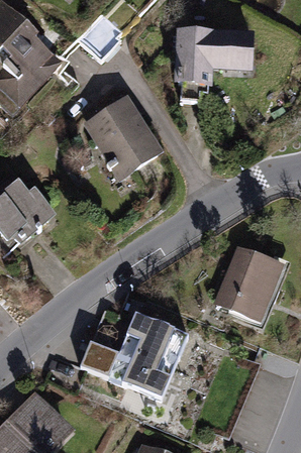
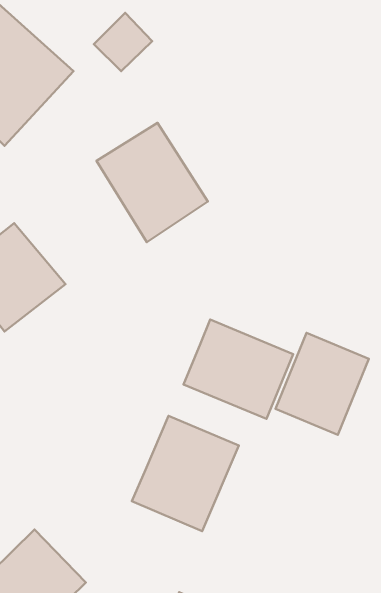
building: [173,28,257,101] -> none
building: none -> [184,320,293,419]
building: [79,340,117,375] -> none

